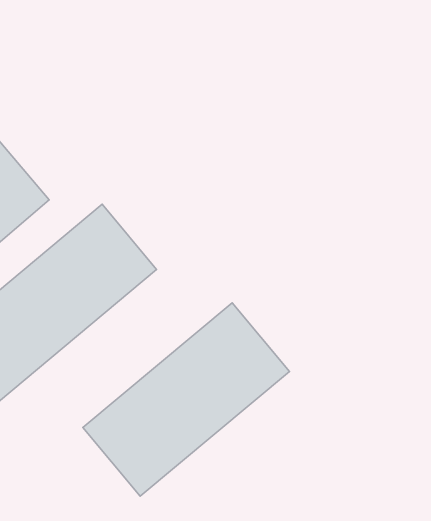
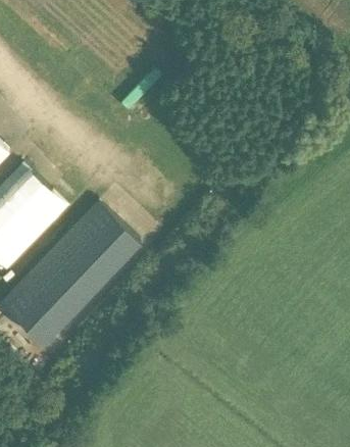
building: [83,303,289,496] -> none

